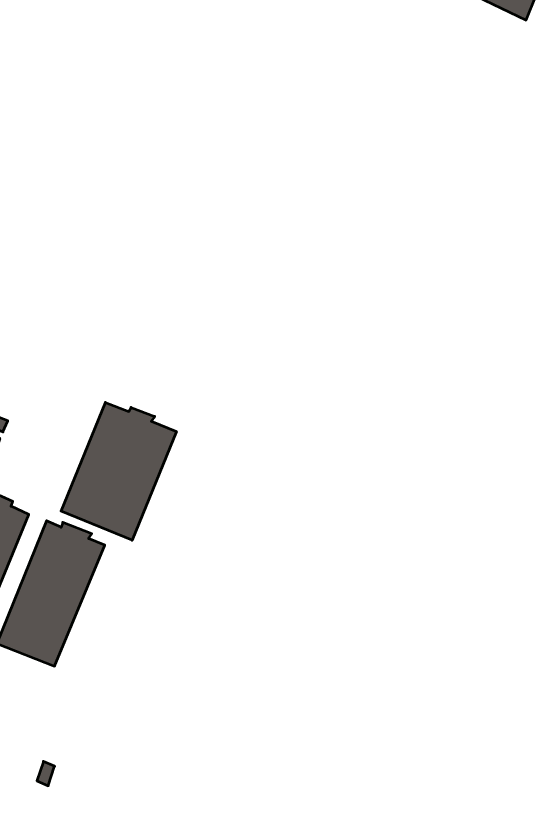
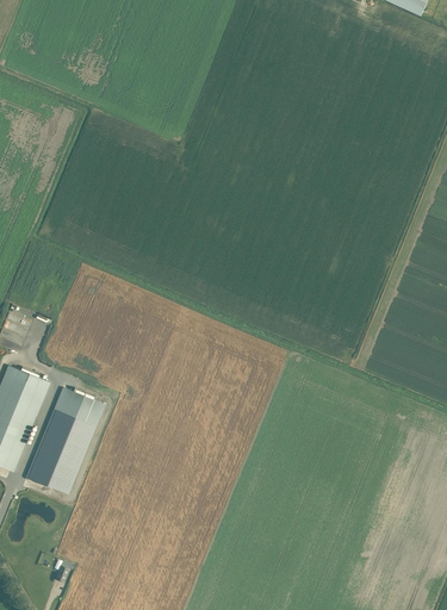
building: [61,402,176,540] -> none

